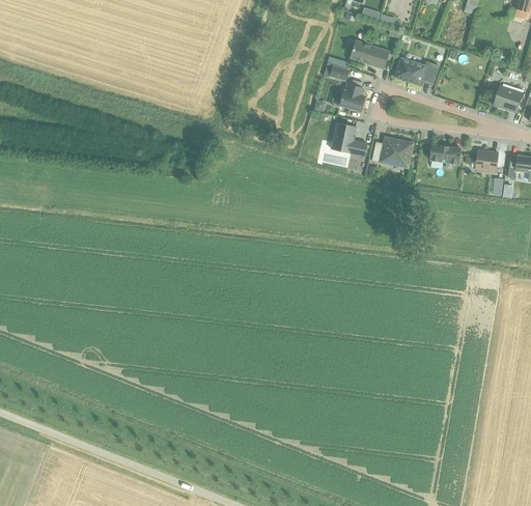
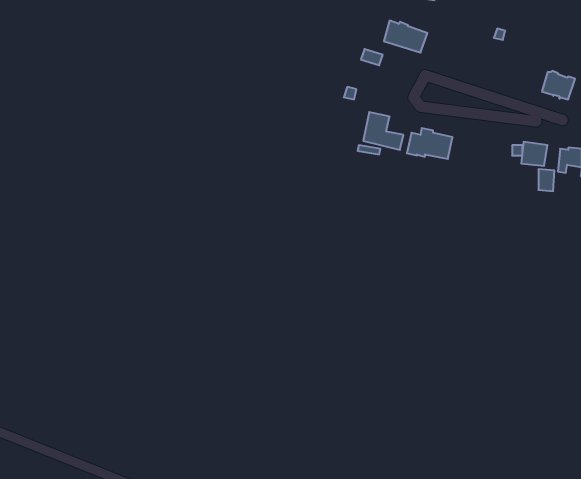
building: [395,57,439,85] -> none
building: [339,83,365,111] -> none
building: [430,144,460,163] -> none

